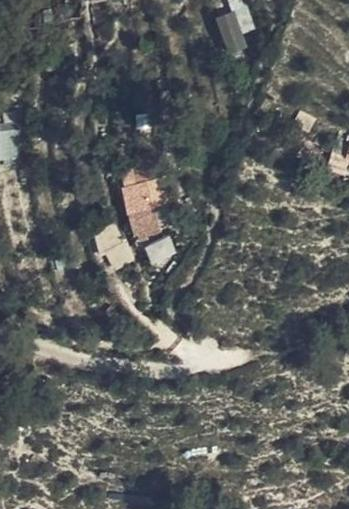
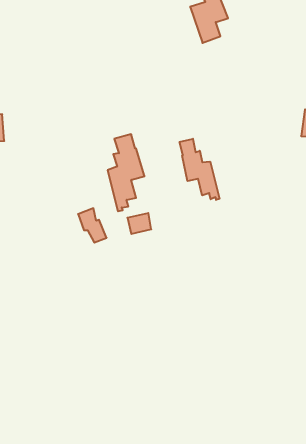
building: none -> [180,139,220,200]

